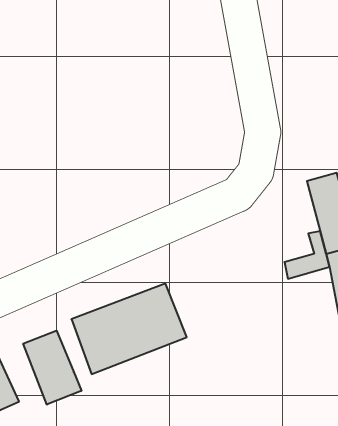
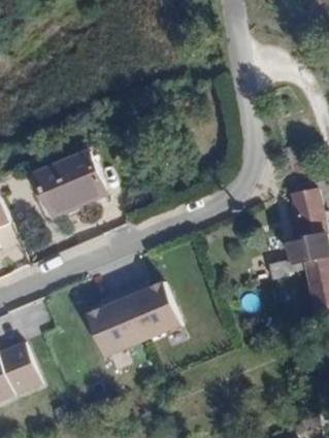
building: none -> [26,156,99,226]
building: [23,331,81,405] -> none

